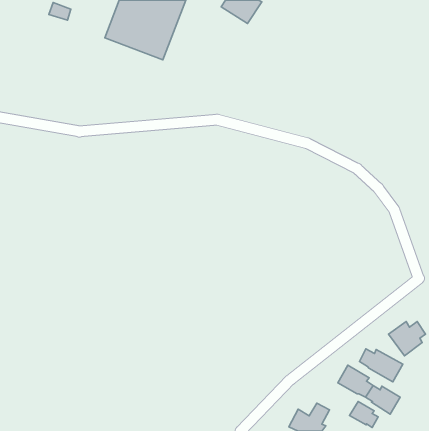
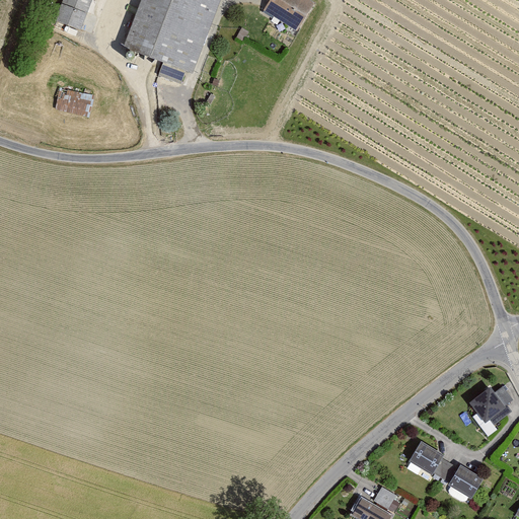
building: none -> [54,88,91,116]
building: [360,349,403,382] -> none
building: [350,401,378,427] -> none

